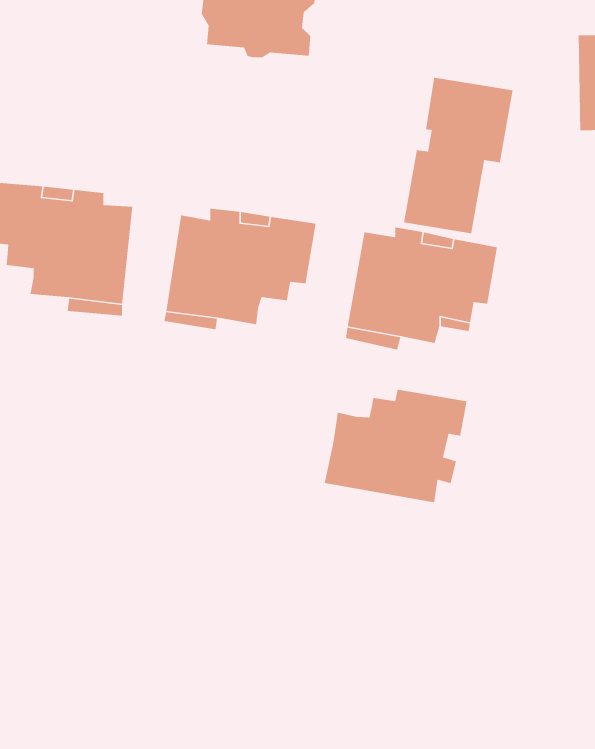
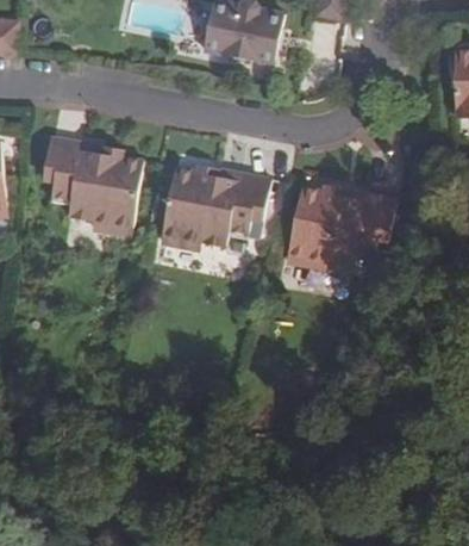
building: [403,77,514,234] -> none
building: [324,389,468,503] -> none

